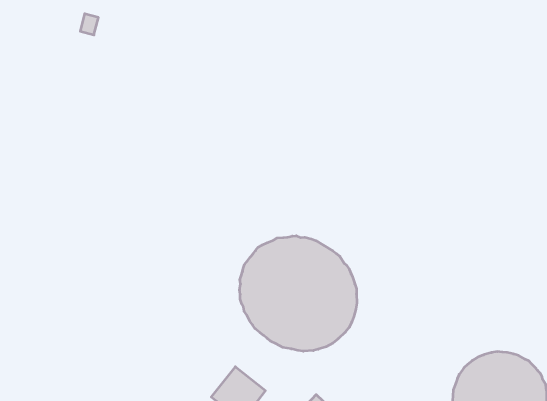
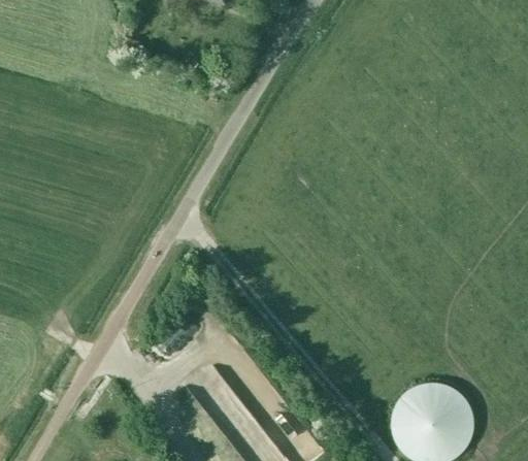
building: [240,236,357,351] -> none

